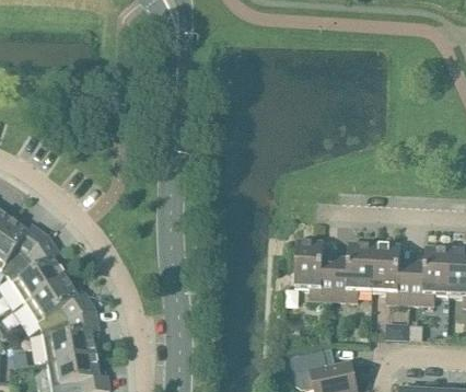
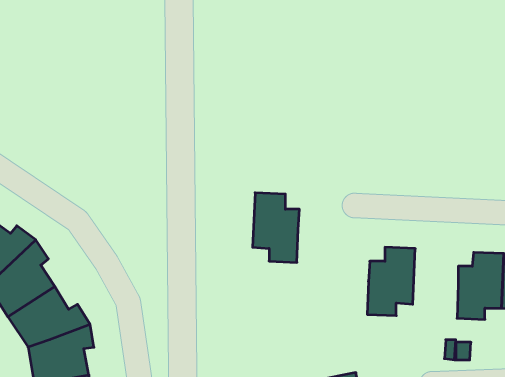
building: [295,240,336,300] -> [253,193,299,262]
building: [373,243,412,303] -> none

